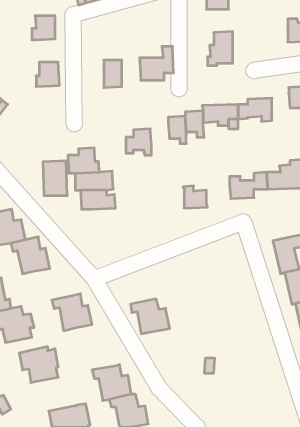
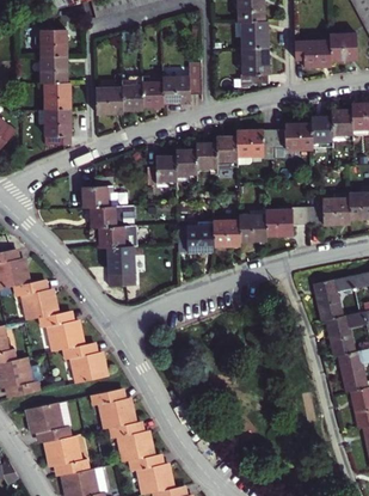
building: none -> [234,22,267,49]
building: none -> [294,41,330,66]
building: none -> [41,56,68,84]
building: none -> [142,76,164,106]
building: none -> [94,87,122,114]
building: none -> [39,109,72,146]
building: none -> [312,117,332,147]
building: none -> [174,152,196,182]
building: [43,161,67,196] -> [107,247,135,287]
building: none -> [238,216,265,241]
building: none -> [177,226,213,252]
building: none -> [41,313,86,353]
building: [131,299,170,334] -> [92,392,136,431]
building: none -> [44,437,90,477]

